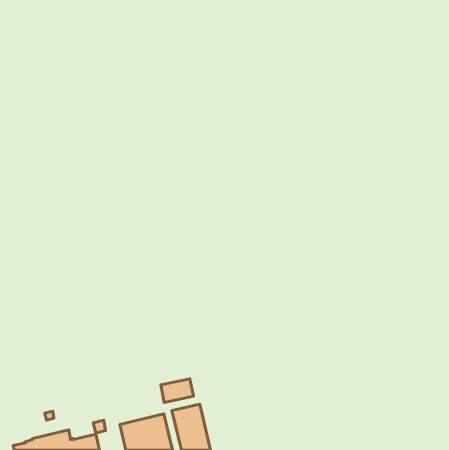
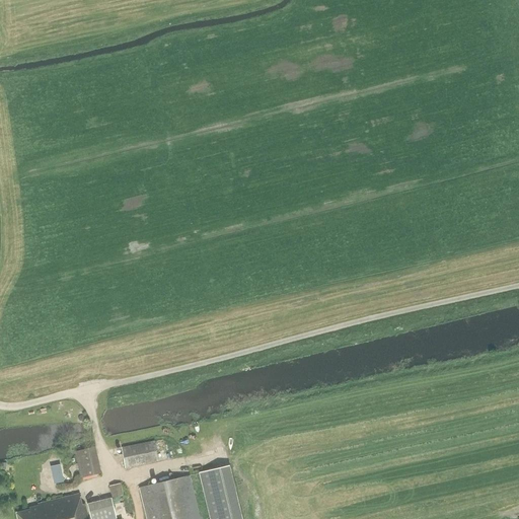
building: [161,379,193,402] -> [120,441,157,468]
building: none -> [75,448,100,478]

